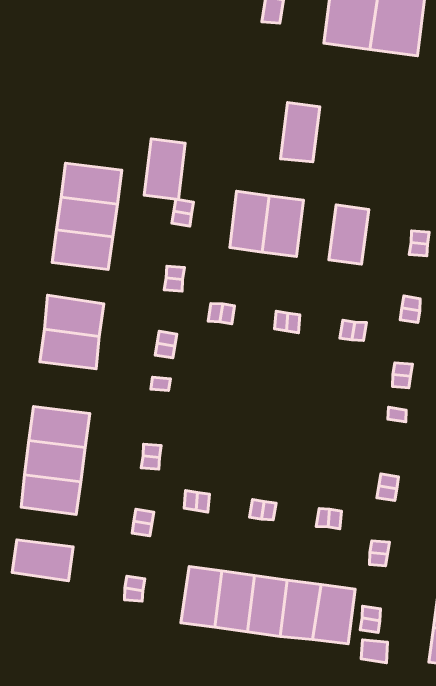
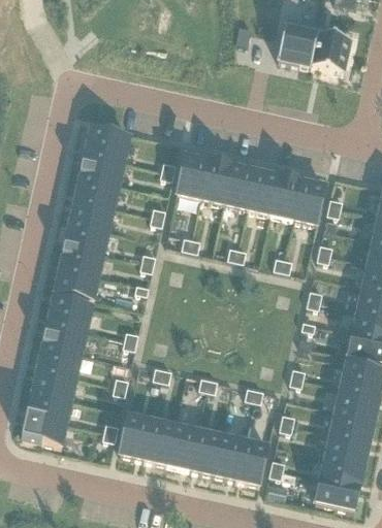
building: [280,102,320,162] -> [246,169,277,212]
building: [144,139,185,200] -> [176,154,208,198]
building: none -> [291,179,323,223]
building: none -> [68,198,113,230]
building: none -> [54,267,98,299]
building: none -> [32,368,75,399]
building: none -> [119,415,152,459]
building: none -> [22,414,66,447]

